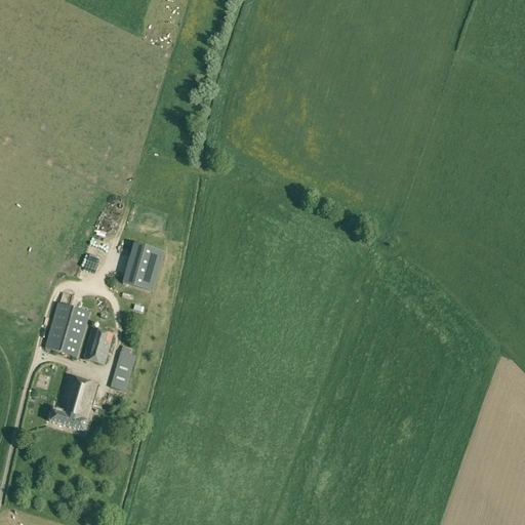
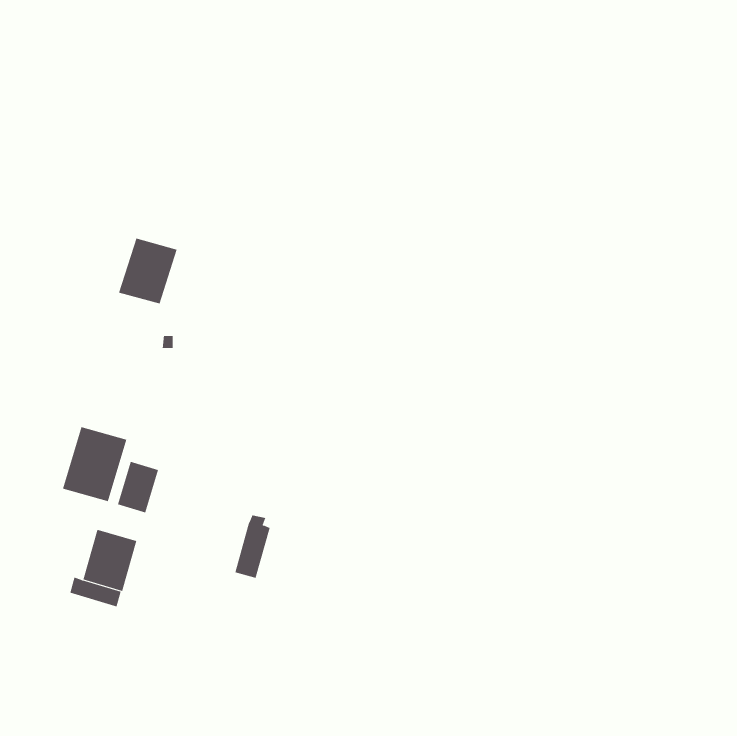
building: [123,243,165,290] -> [118,238,178,304]
building: [111,346,136,391] -> [235,515,271,578]

